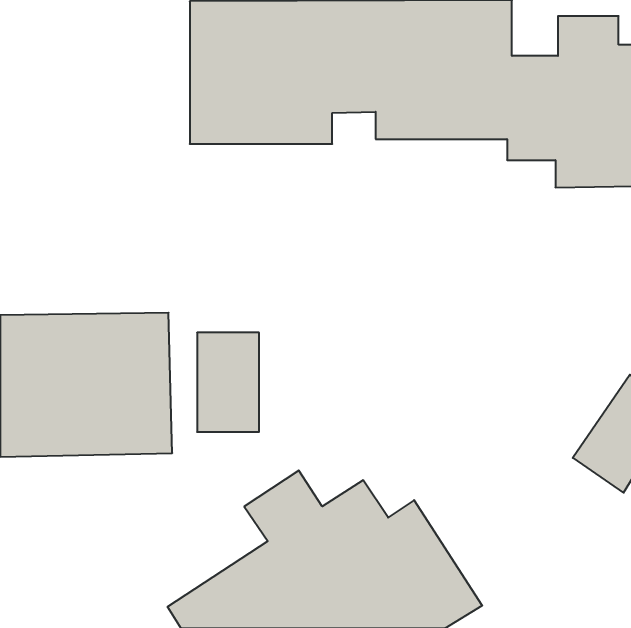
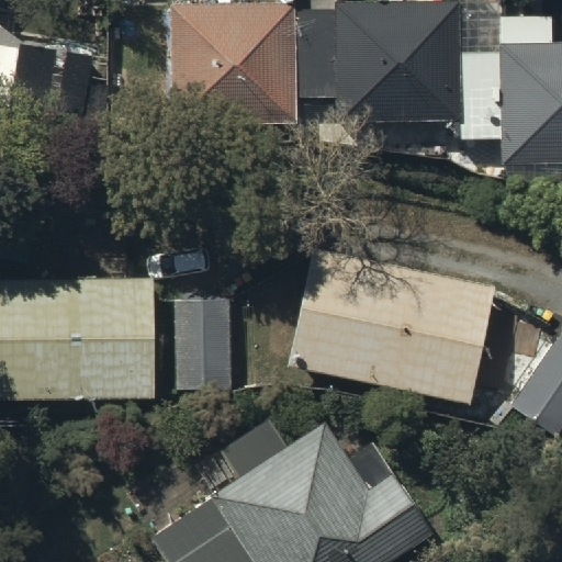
building: none -> [286,239,498,406]

